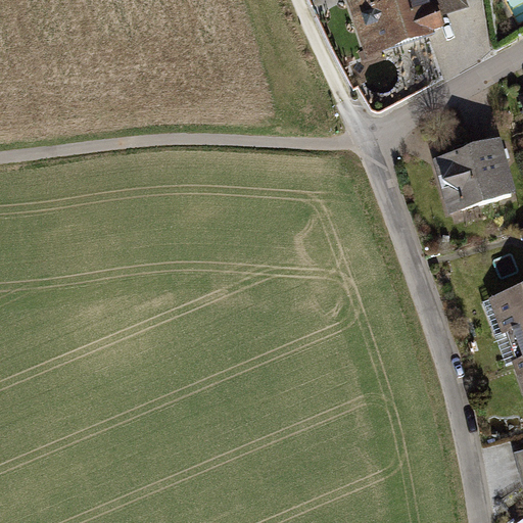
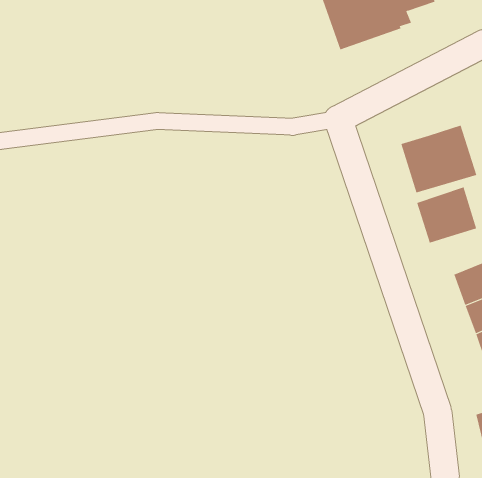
building: none -> [417,187,477,244]

